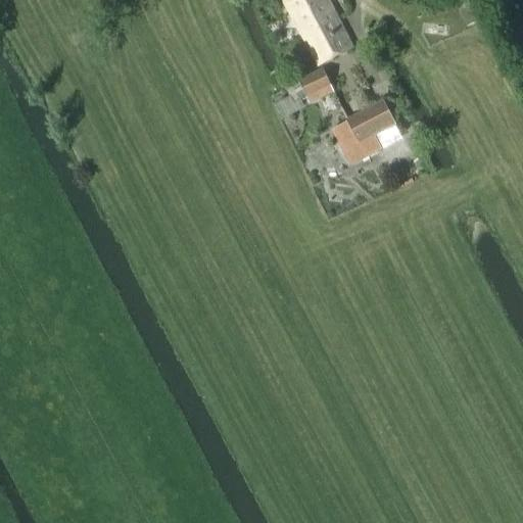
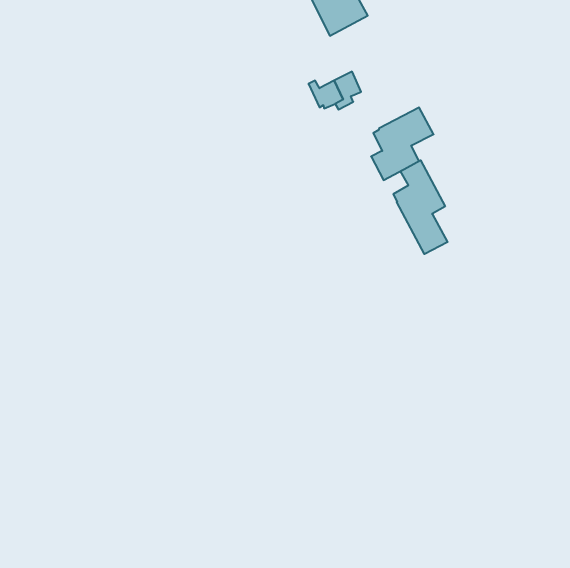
building: [302,14,352,63] -> none
building: none -> [394,160,448,254]

